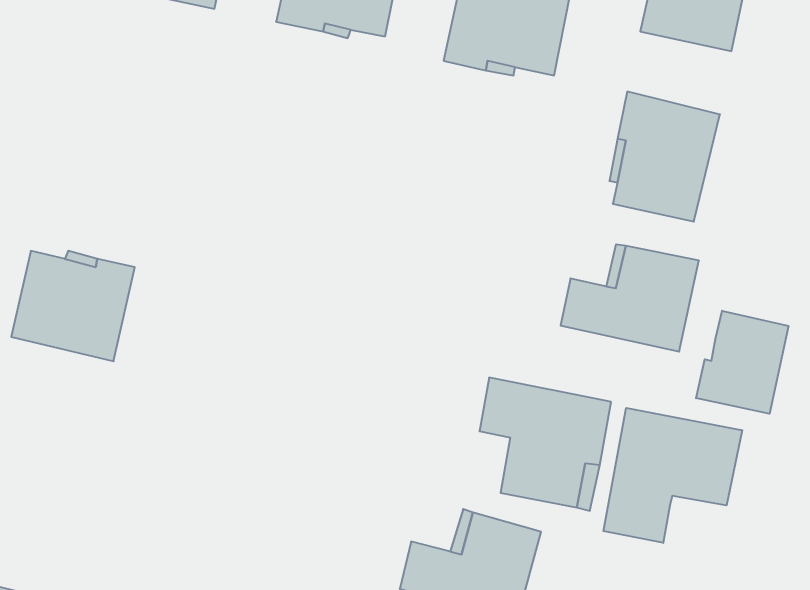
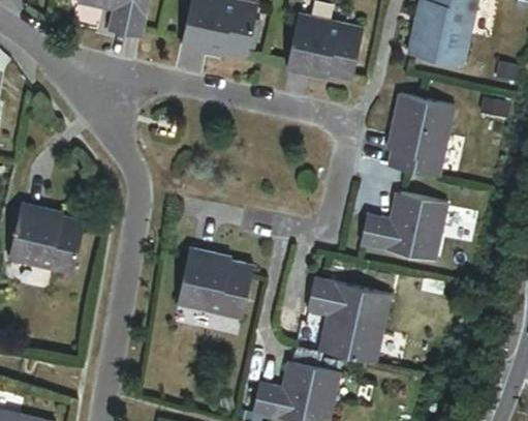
building: [696,311,788,414] -> none
building: none -> [181,246,256,318]
building: [603,408,742,543] -> none

